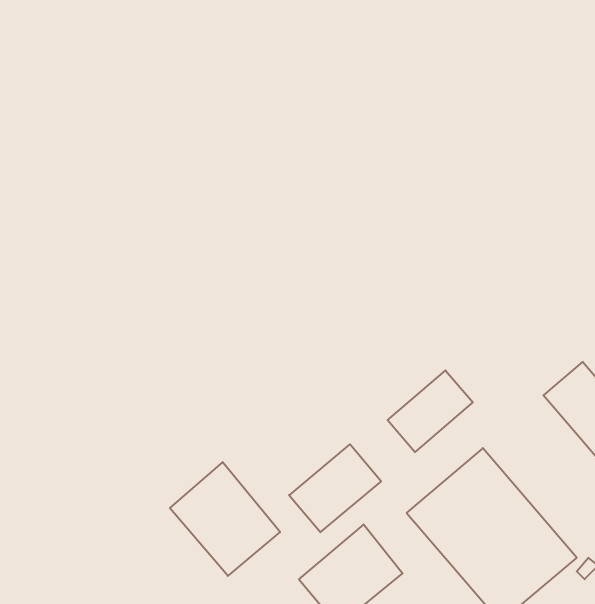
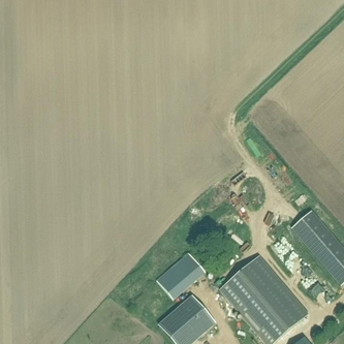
building: [388,370,473,452] -> none
building: [170,462,280,576] -> none

